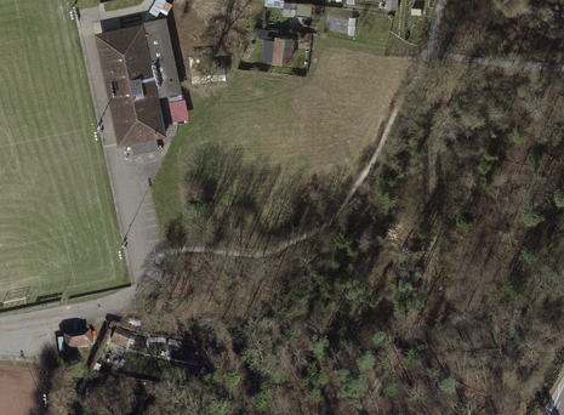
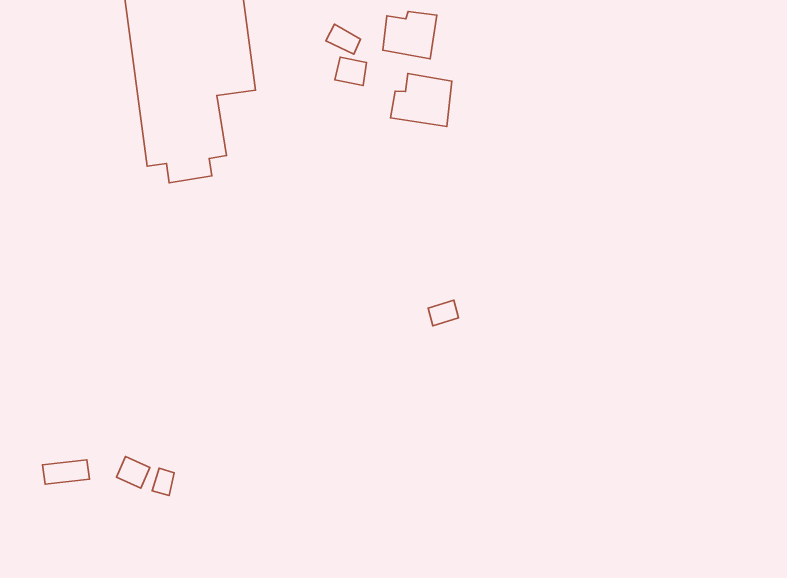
building: none -> [391,74,452,126]

